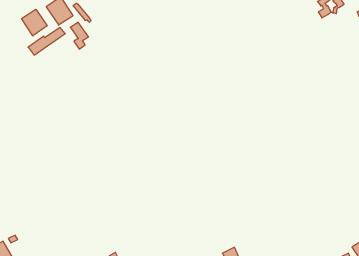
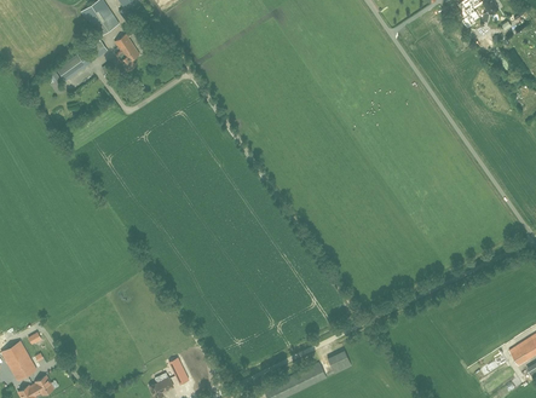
building: [22,9,47,36] -> none

